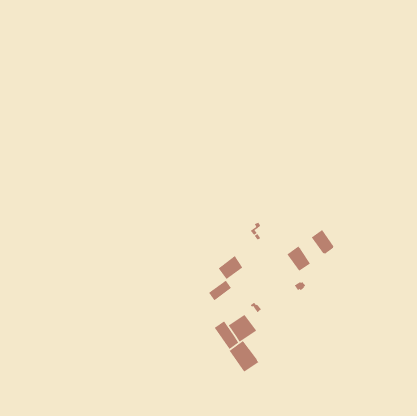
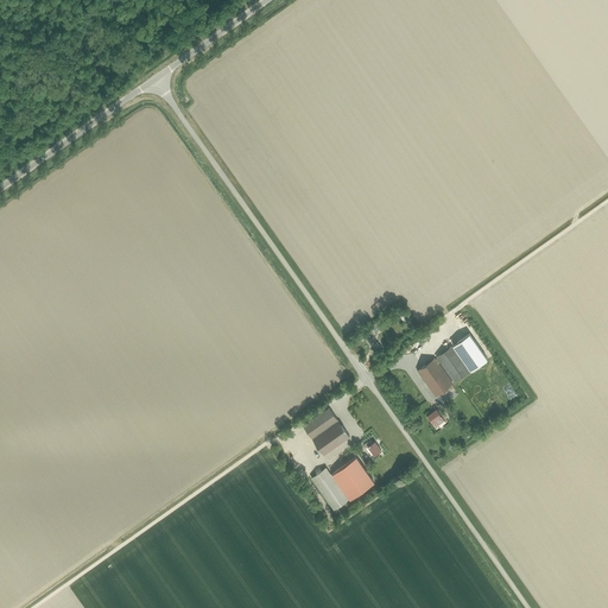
building: none -> [436,347,469,384]
building: [218,255,243,280] -> [312,420,349,456]
building: [229,340,259,373] -> none

